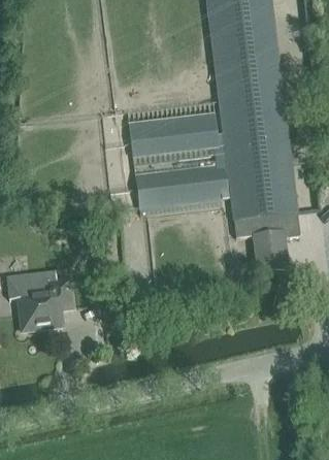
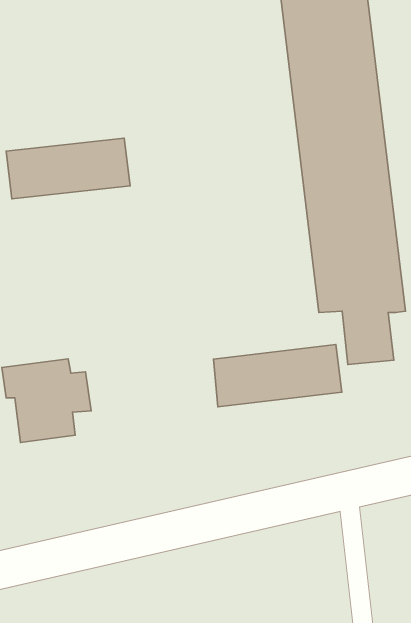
building: [129,113,218,157] -> [6,138,130,199]
building: [136,164,228,208] -> [213,345,342,407]

